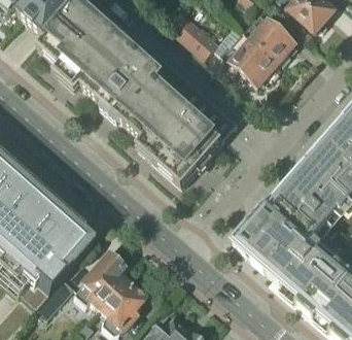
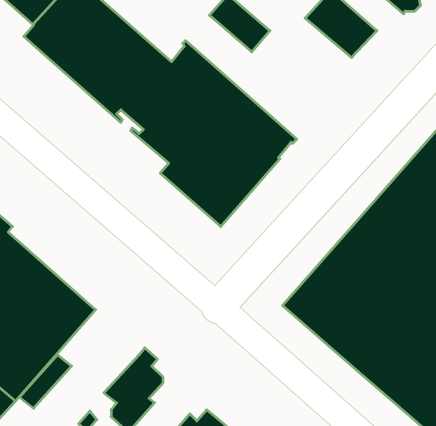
building: [216,25,279,84] -> none
building: [74,257,127,306] -> none

